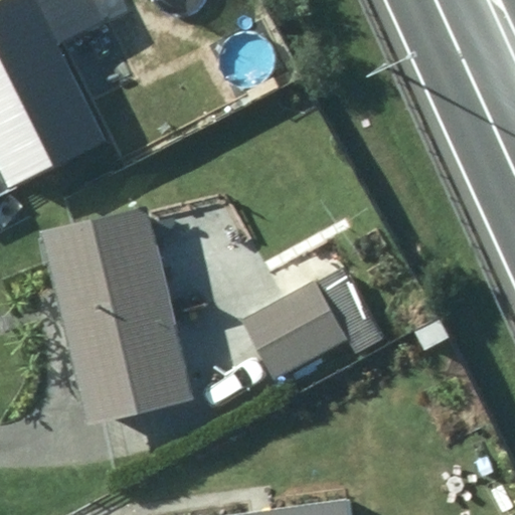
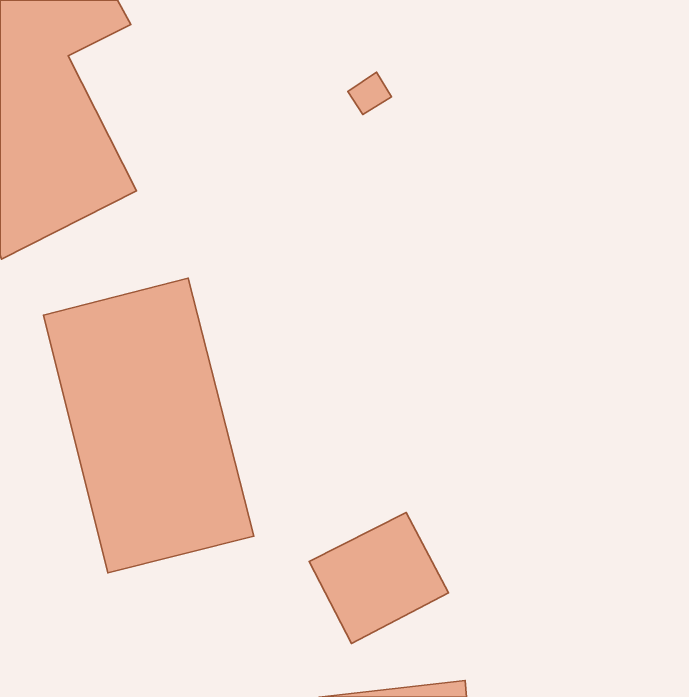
building: [242,283,345,379] -> [309,512,448,643]

